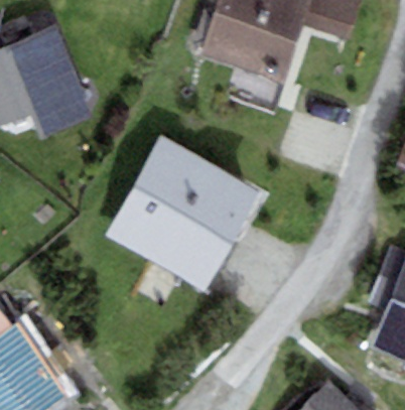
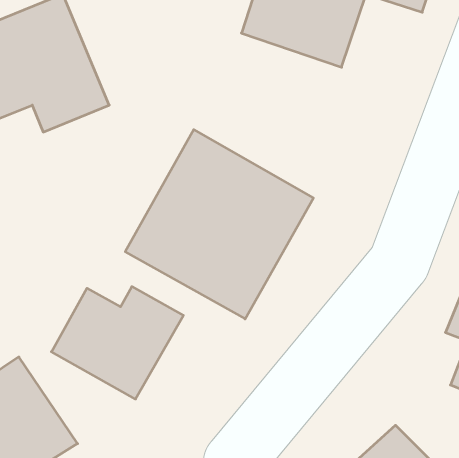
building: none -> [51,287,183,399]

